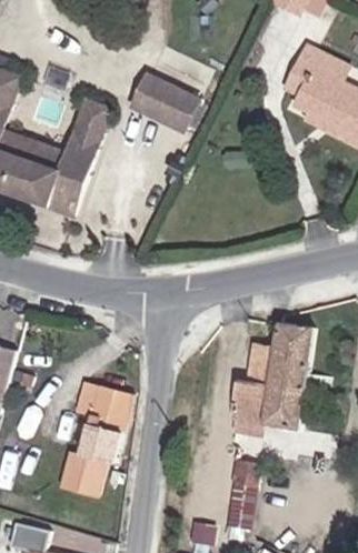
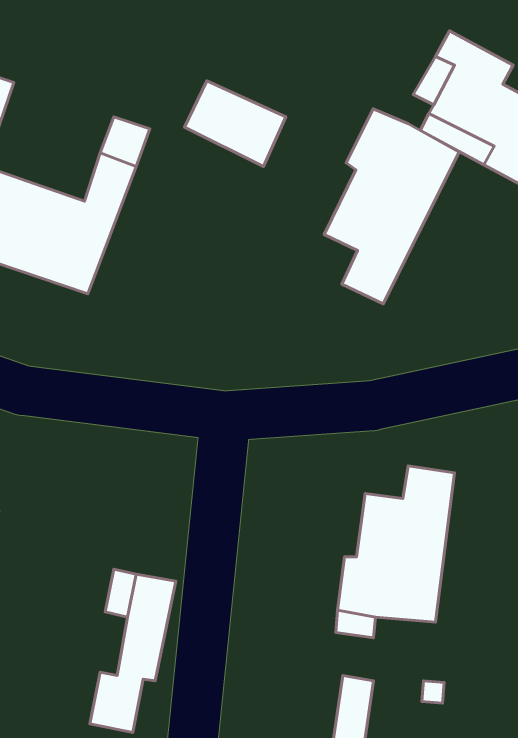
building: none -> [324,109,459,304]

